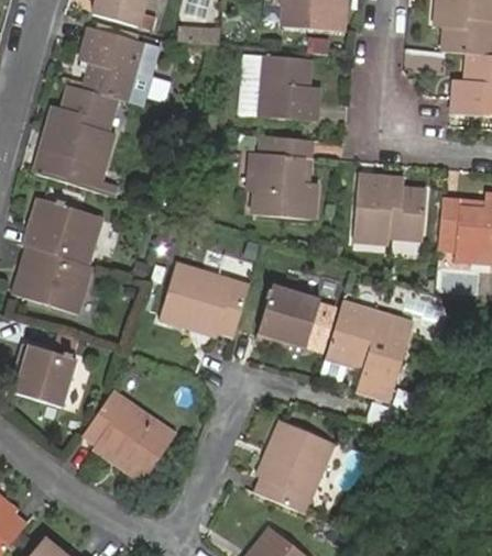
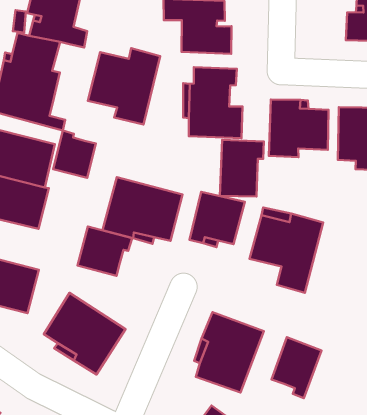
building: none -> [88,48,160,124]
building: none -> [53,130,96,178]
building: none -> [220,140,264,196]
building: none -> [77,226,132,276]
building: none -> [272,337,321,398]

